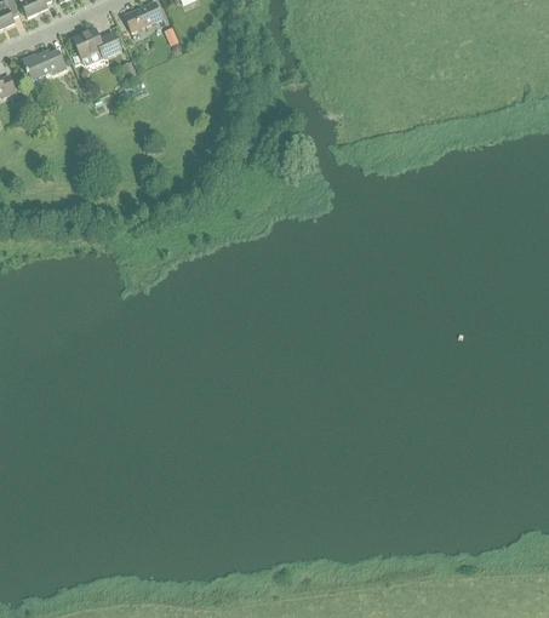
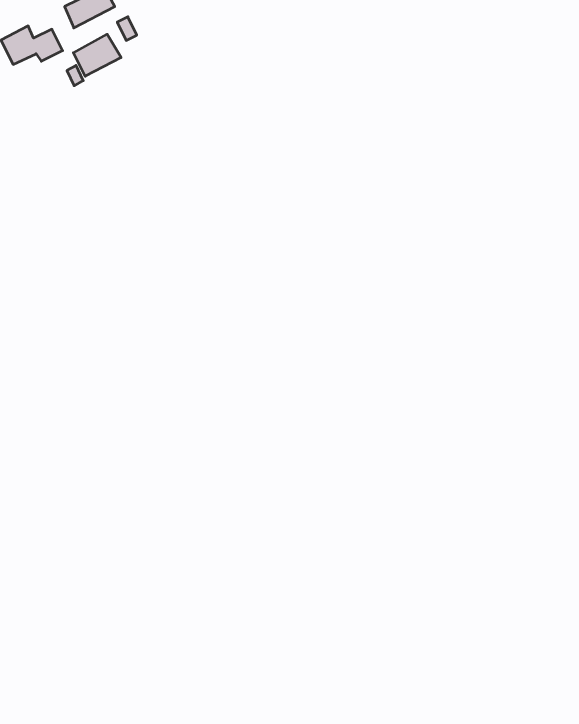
building: none -> [73,34,121,76]

